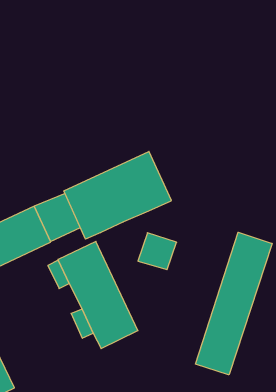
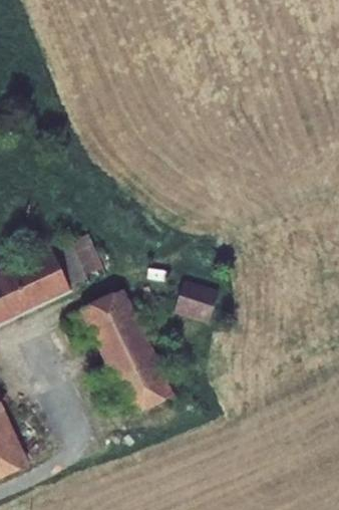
building: [64,151,171,239] -> none
building: [195,232,272,375] -> none

